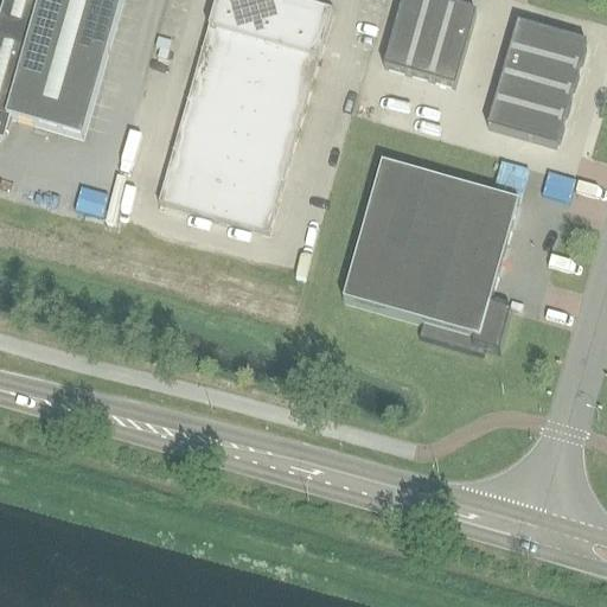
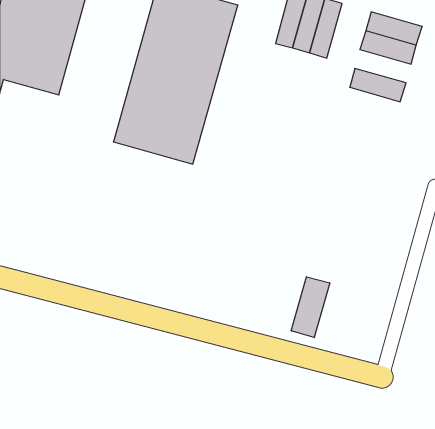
building: [493,69,571,115] -> none
building: [341,158,518,350] -> none
building: none -> [291,277,330,338]

